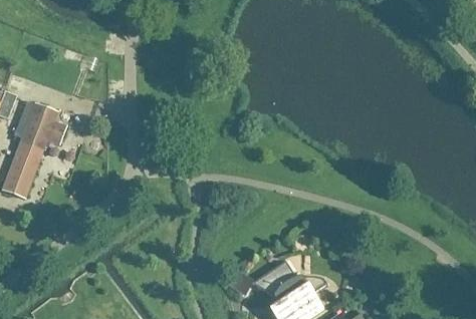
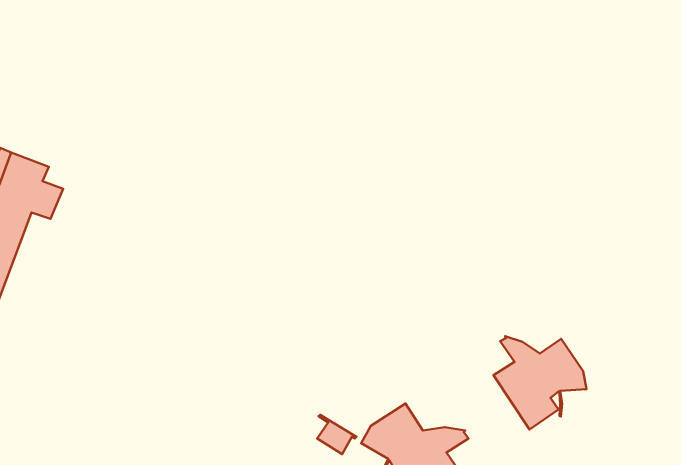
building: none -> [494,336,586,429]

